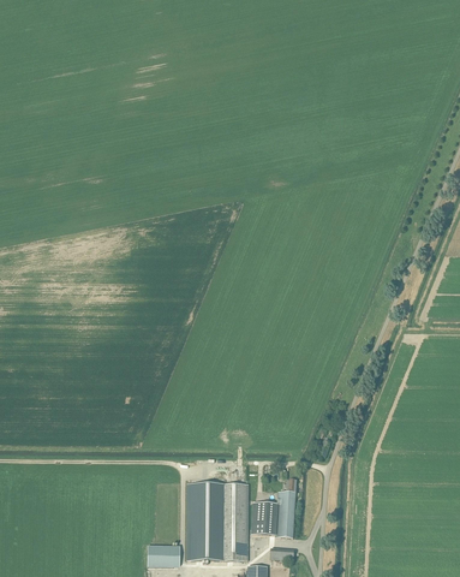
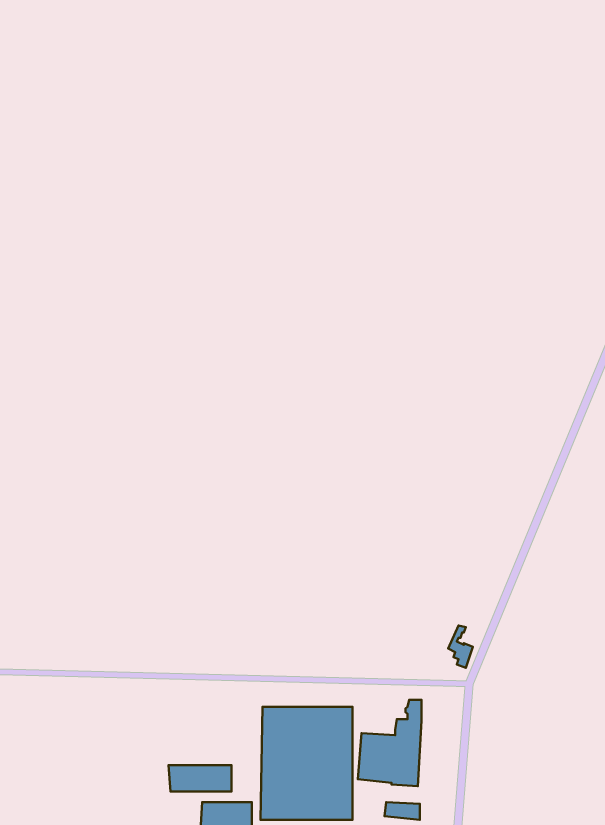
building: none -> [168,765,231,791]

